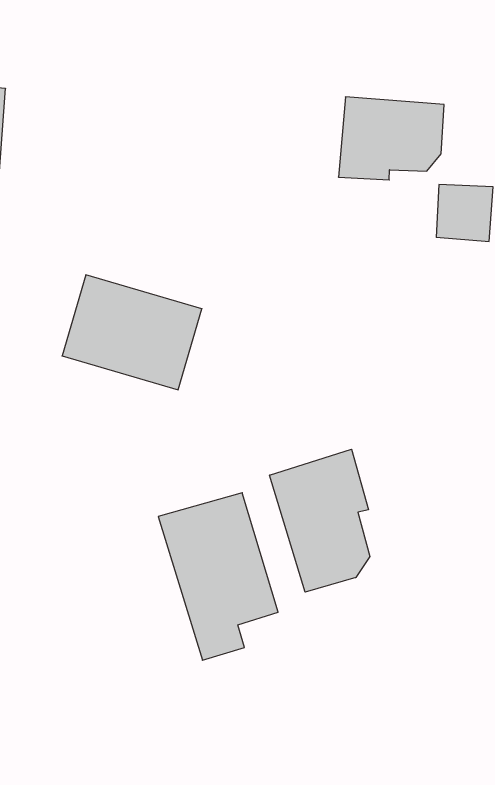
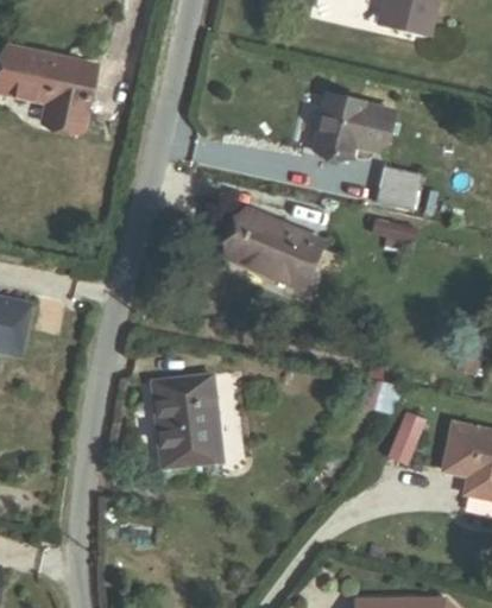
building: [62,275,202,390] -> [228,198,332,289]
building: [270,449,370,592] -> none

